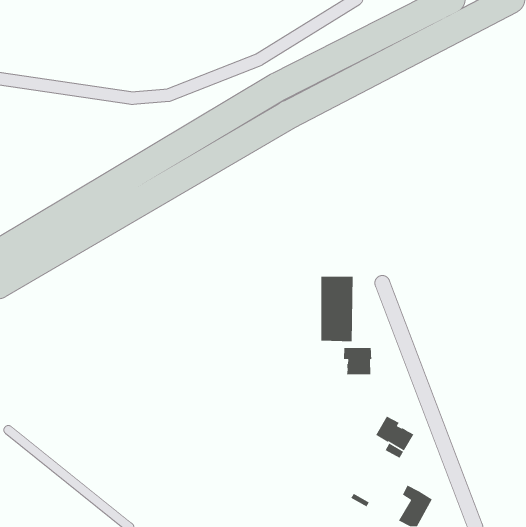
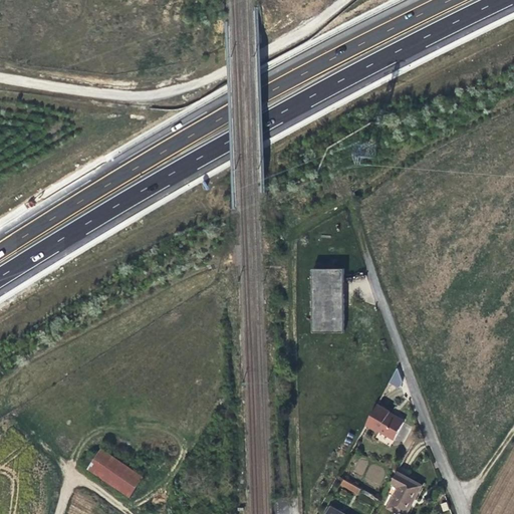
building: [343,347,372,375] -> none
building: none -> [89,449,142,495]

